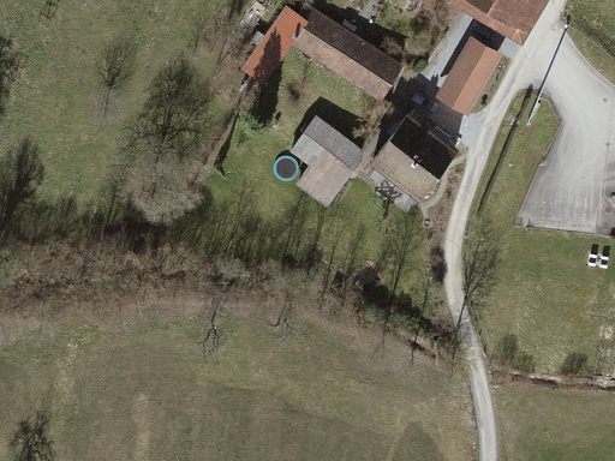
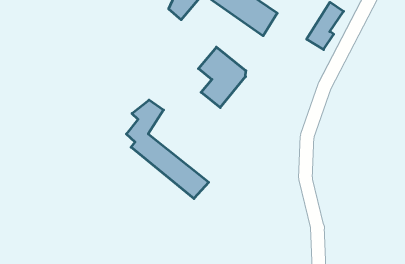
building: [375,116,454,196] -> none
building: none -> [126,100,209,199]

